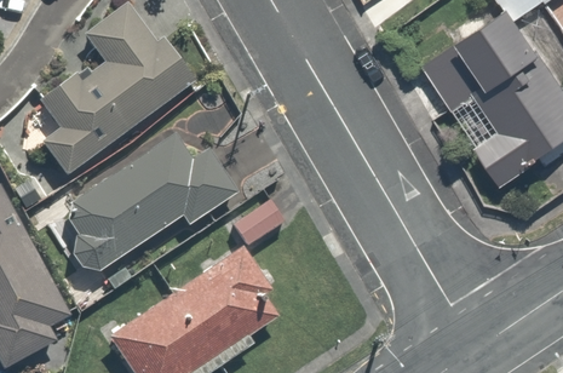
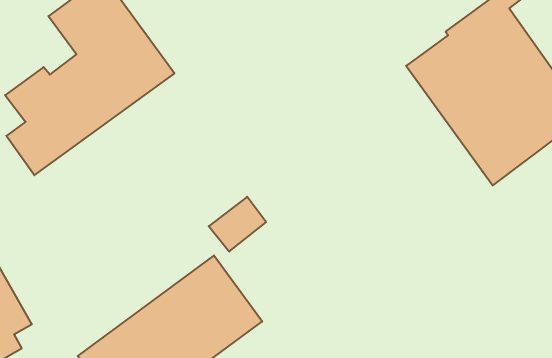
building: [65,142,243,277] -> none

